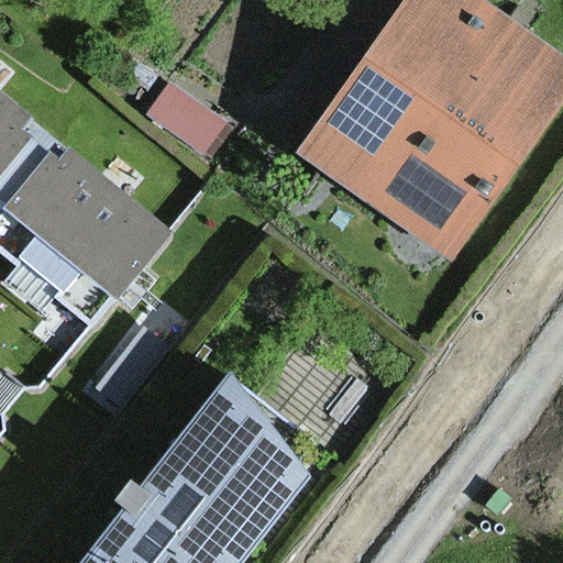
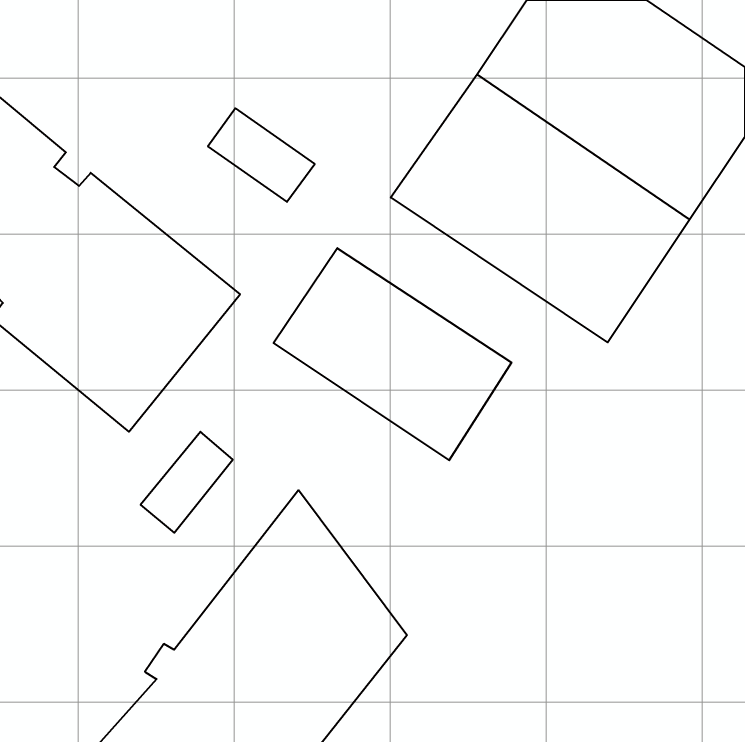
building: none -> [274,248,511,460]

